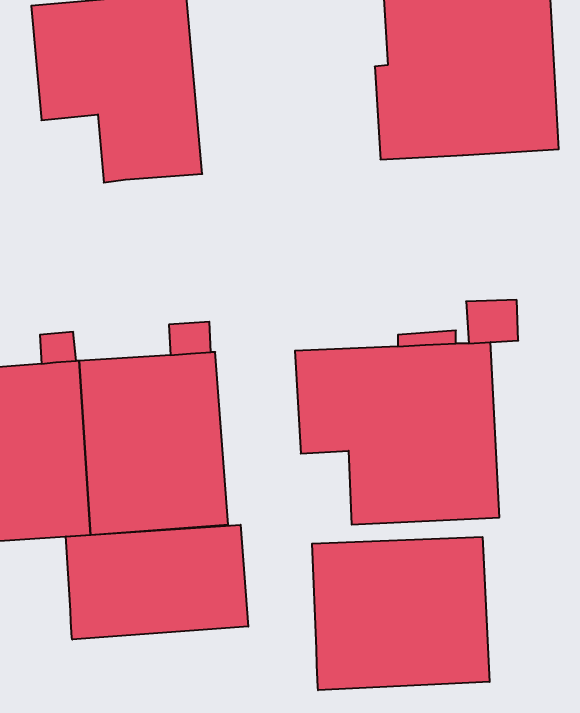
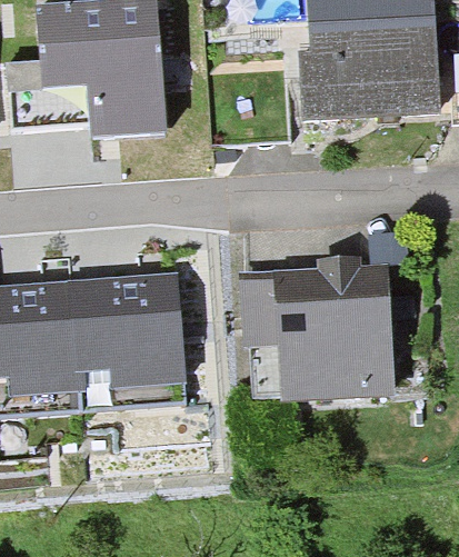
building: [66,525,248,640] -> none
building: [312,537,490,690] -> none

